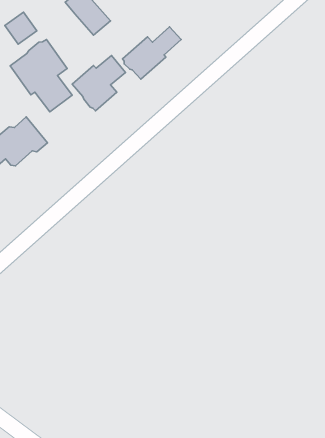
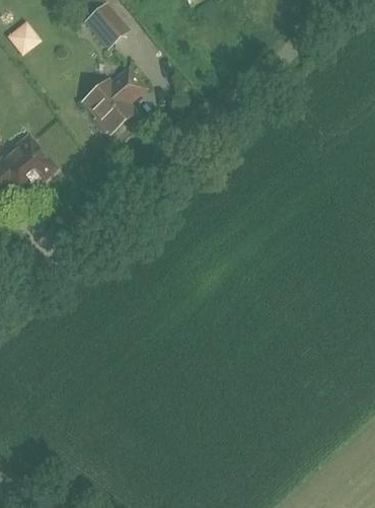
building: [122,27,181,79] -> none
building: [10,39,72,112] -> none

